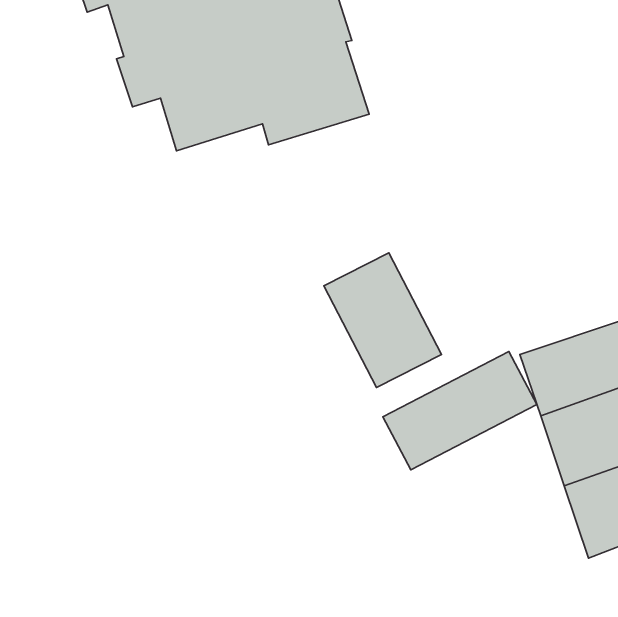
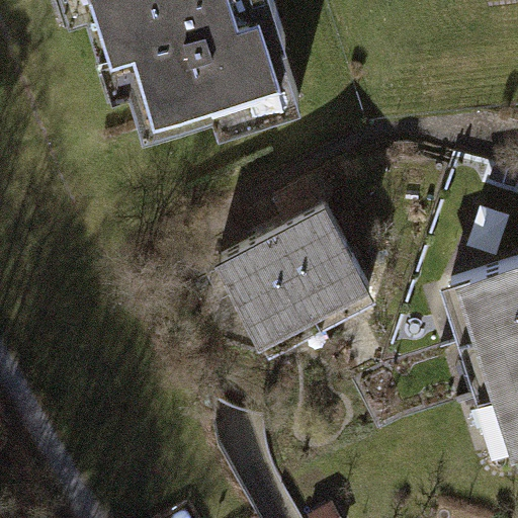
building: none -> [219,236,318,348]
building: [383,351,537,470] -> none

